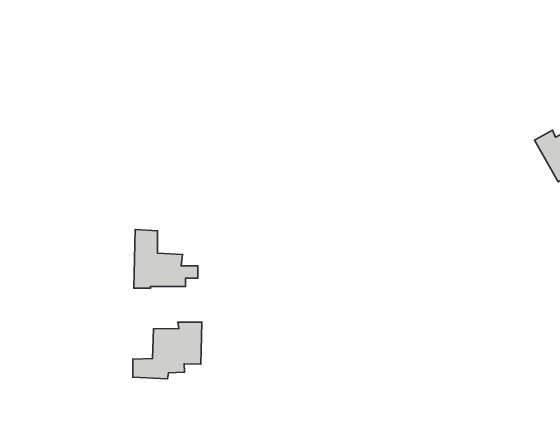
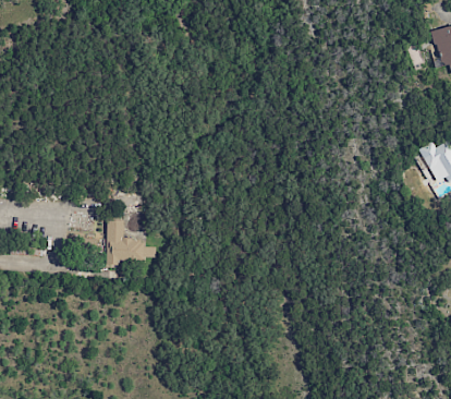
building: [133,322,202,379] -> none

